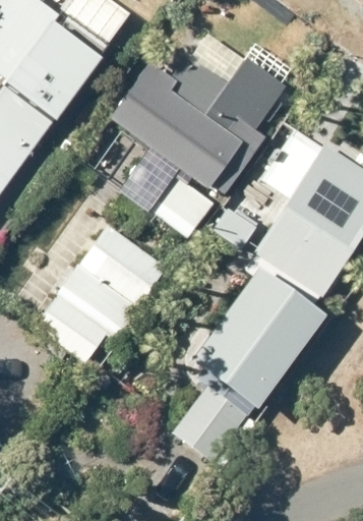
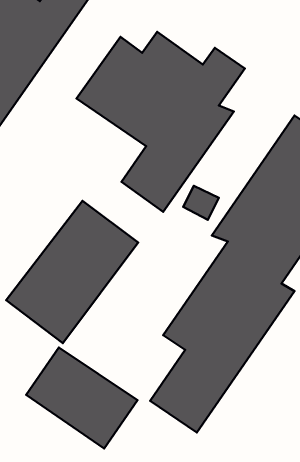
building: none -> [26,347,138,449]

